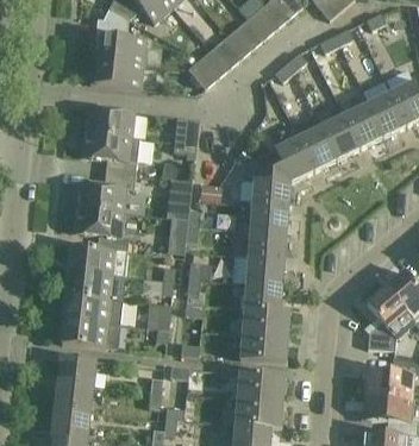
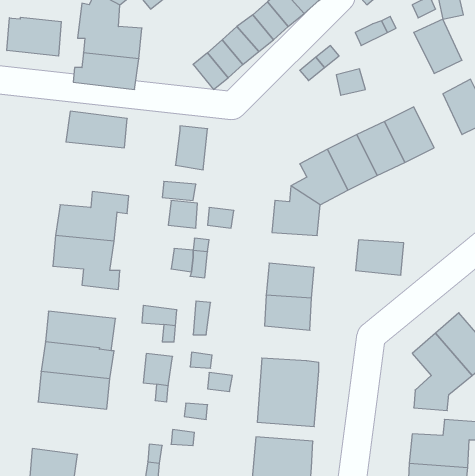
building: none -> [7,17,61,56]
building: [367,93,406,137] -> [414,19,462,73]
building: [81,132,136,176] -> none
building: [249,206,288,234] -> [356,240,404,275]
building: [69,246,126,276] -> none
building: [243,282,282,310] -> none
building: [56,357,95,387] -> none

